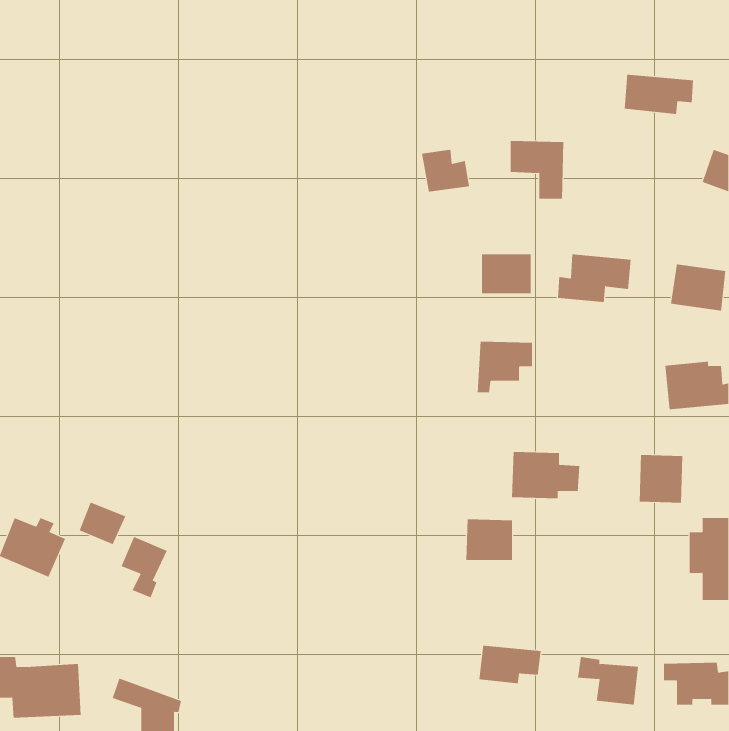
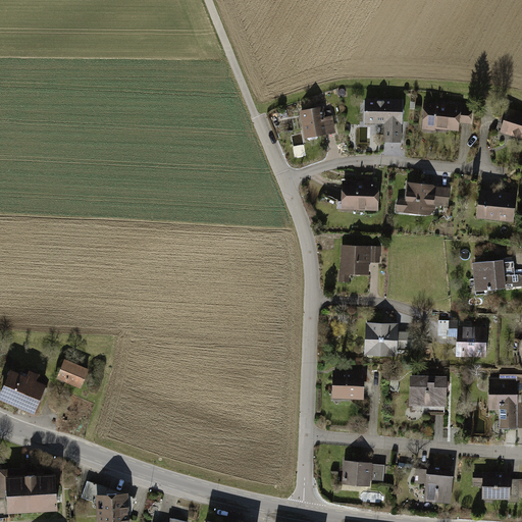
building: [624,74,694,114] -> [421,103,471,132]
building: none -> [409,374,448,406]
building: [121,536,168,598] -> none

